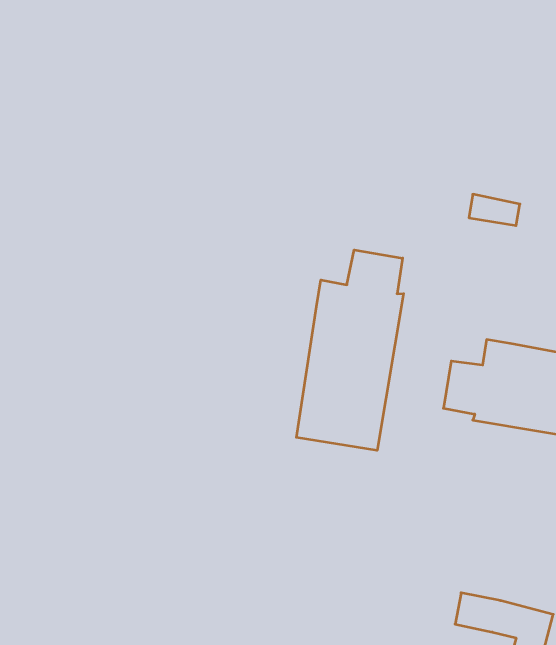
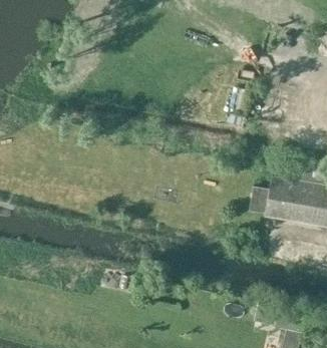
building: [296,250,404,450] -> none

